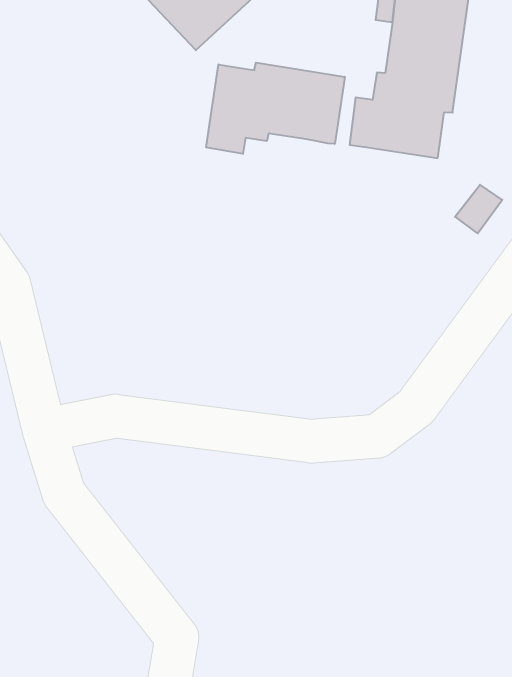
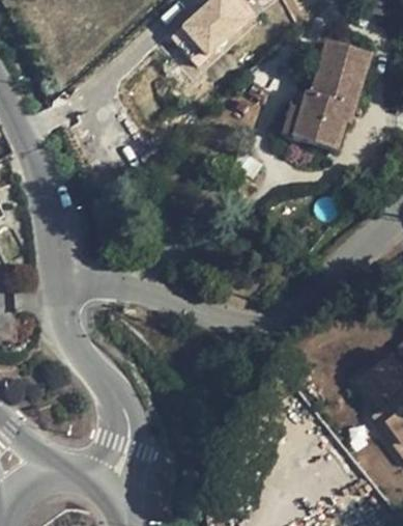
building: [206,63,345,154] -> none

